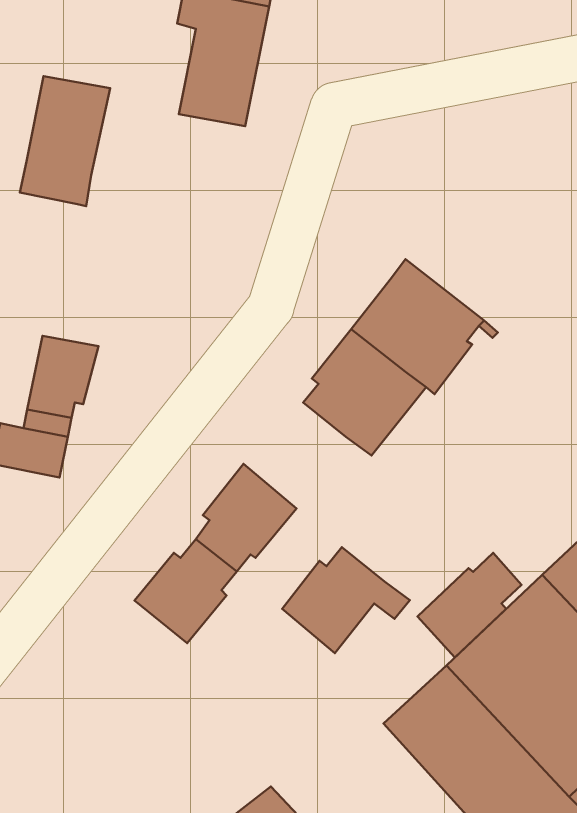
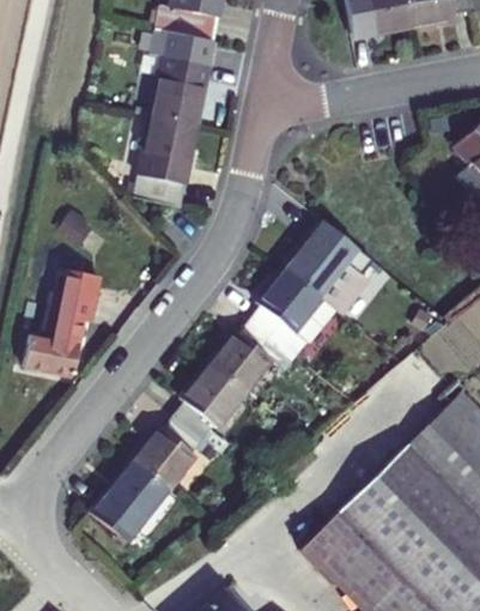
building: [20,76,110,206] -> [140,119,203,210]
building: [282,547,410,653] -> [202,321,292,395]
building: [417,553,522,657] -> none
building: none -> [87,460,163,539]

